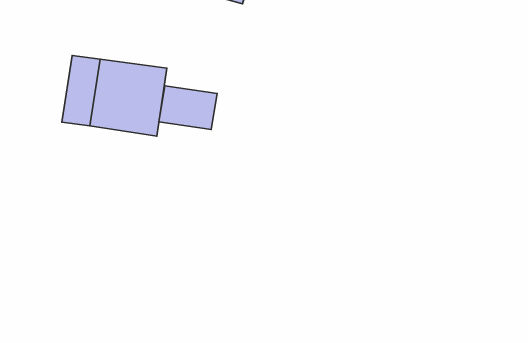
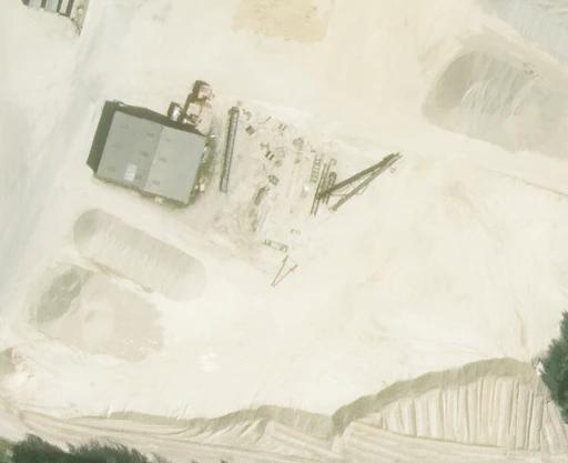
building: [159,86,217,130] -> none

